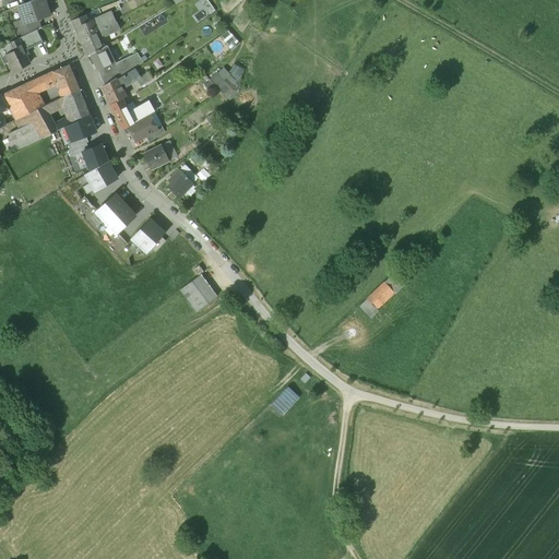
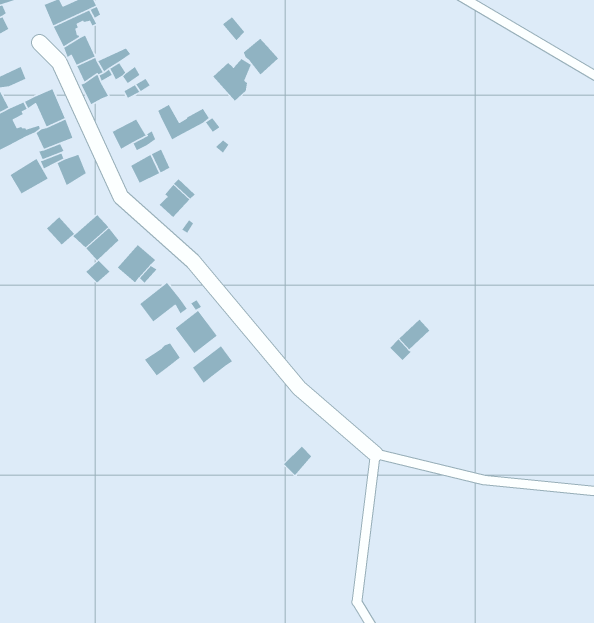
building: none -> [243,38,279,75]
building: [52,64,79,96] -> none
building: [110,98,154,129] -> [157,104,210,141]
building: [84,160,117,191] -> [9,158,49,194]
building: none -> [139,282,188,323]
building: none -> [144,342,181,376]
building: none -> [192,345,233,384]

